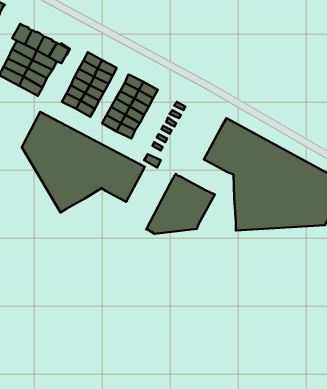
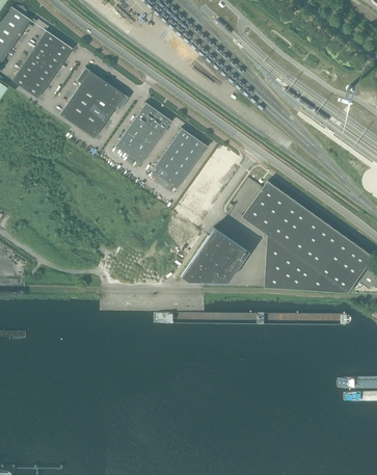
building: [22,112,145,212] -> none

